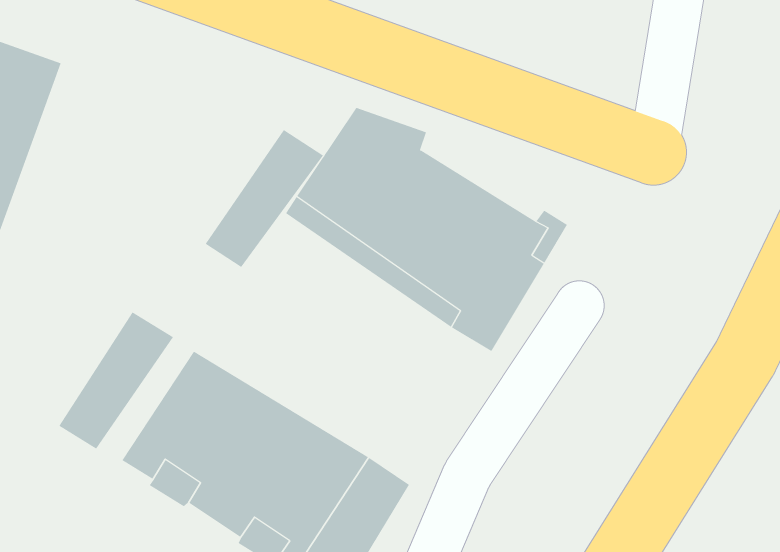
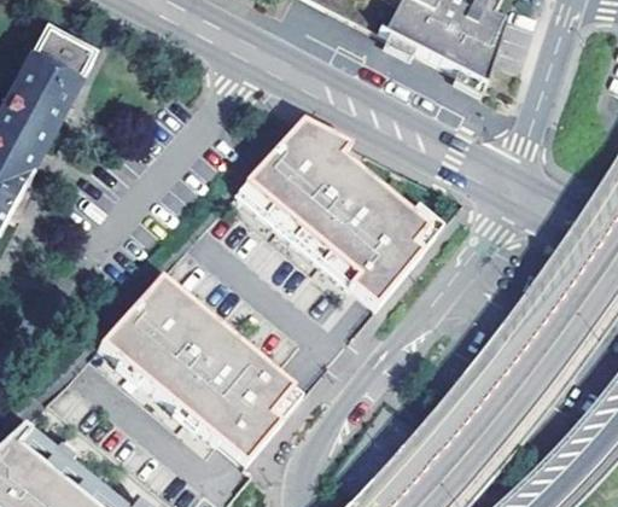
building: [205,129,324,268] -> none
building: [58,312,174,449] -> none

